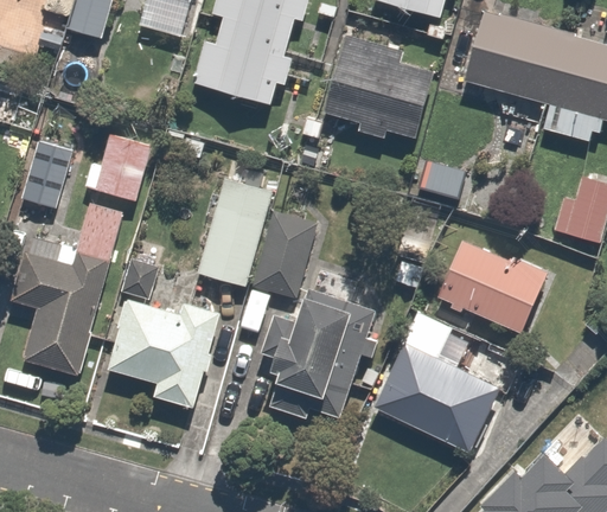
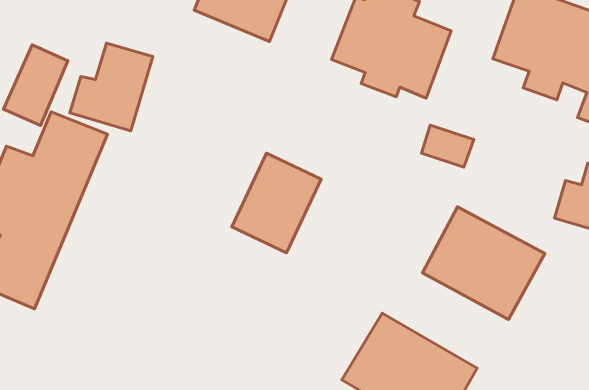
building: [196,178,279,288] -> none
building: [261,288,375,421] -> none
building: [109,297,221,409] -> none

